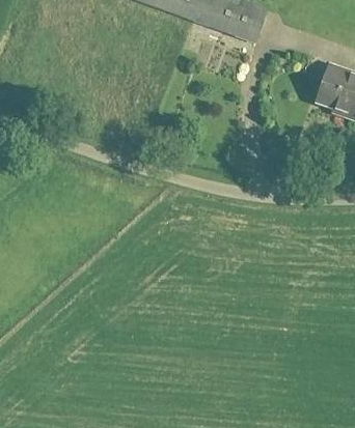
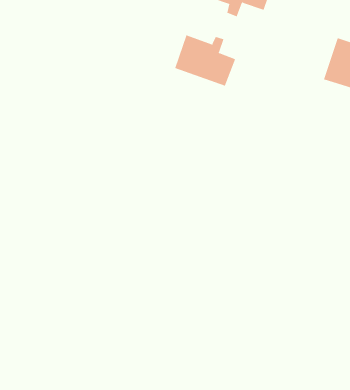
building: none -> [174,34,236,87]

